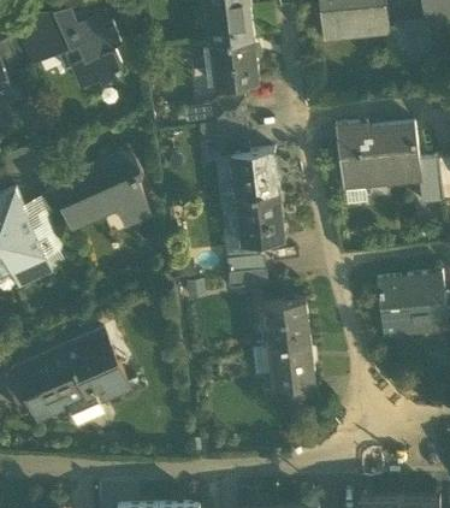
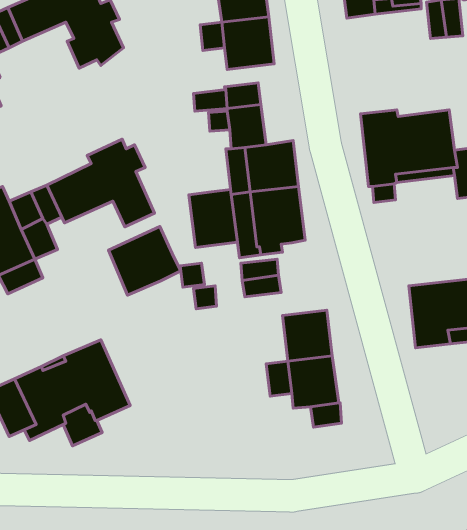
building: none -> [189,190,237,247]
building: none -> [108,226,181,295]

